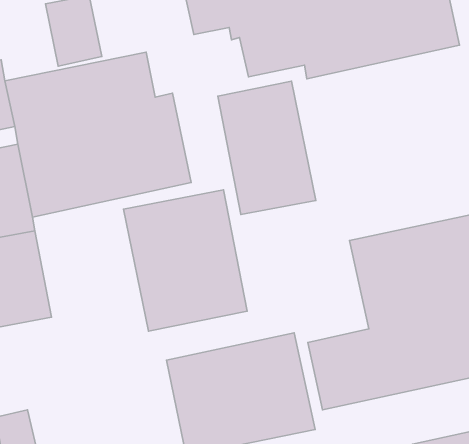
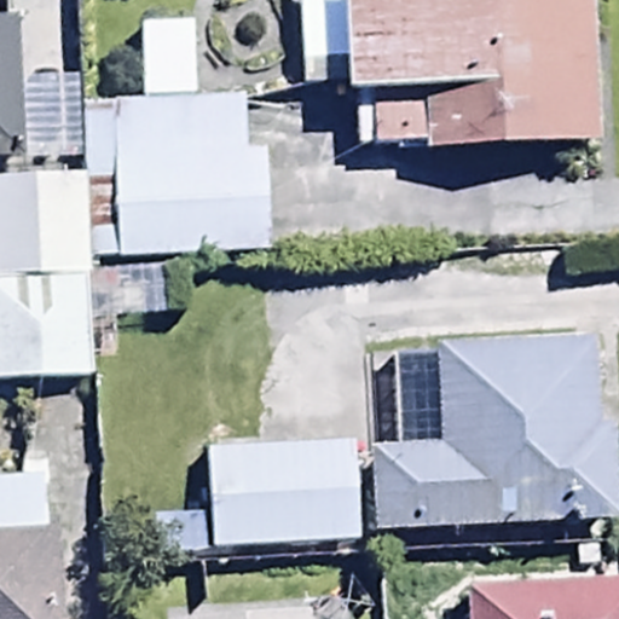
building: [218,81,316,215] -> none
building: [124,190,247,331] -> none

